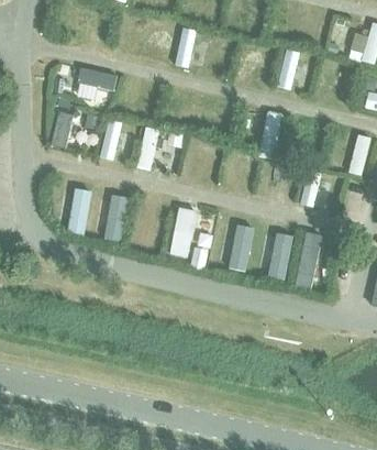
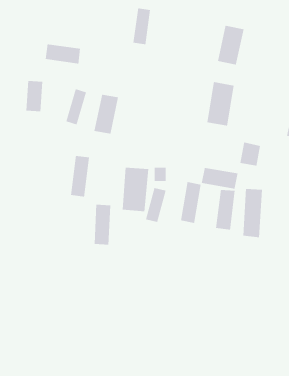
building: [69,187,89,233] -> [94,204,111,245]
building: none -> [201,167,238,190]

